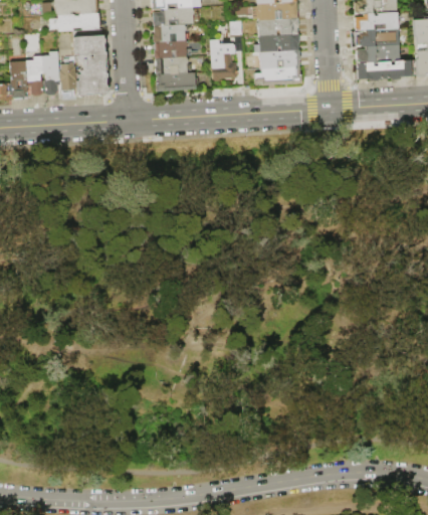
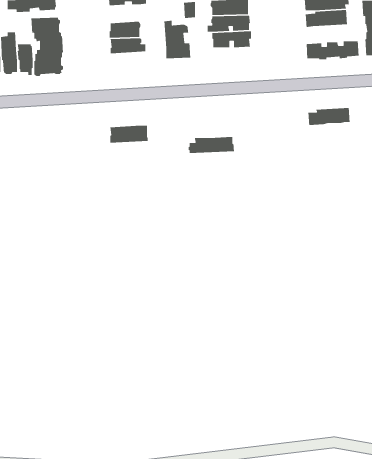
building: [153,23,189,41] -> none
building: [356,43,400,62] -> [307,107,350,126]
building: [254,66,302,84] -> [188,136,235,154]
building: [156,71,196,91] -> [109,125,149,144]

